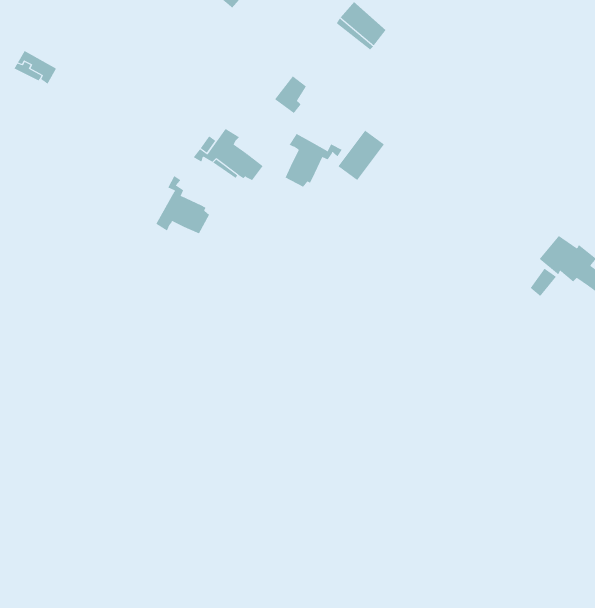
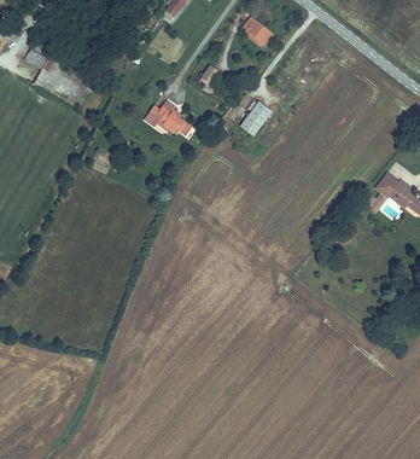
building: [285,133,342,188] -> none
building: [155,175,210,234] -> none

